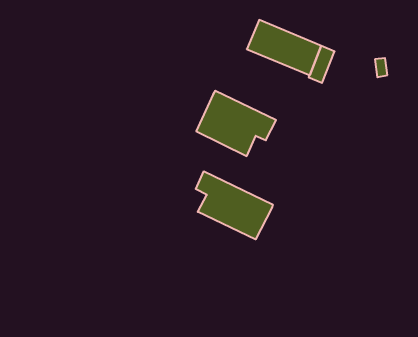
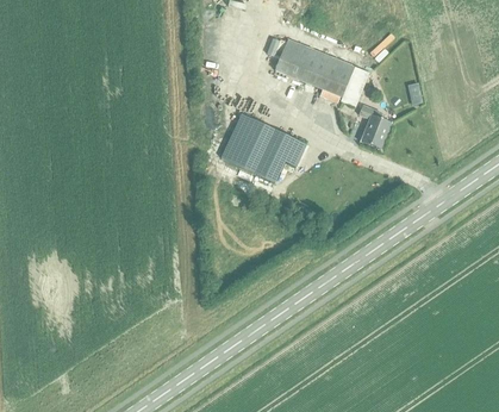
building: none -> [357,102,389,149]
building: [196,171,273,239] -> none

